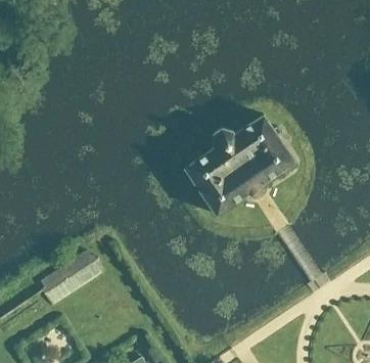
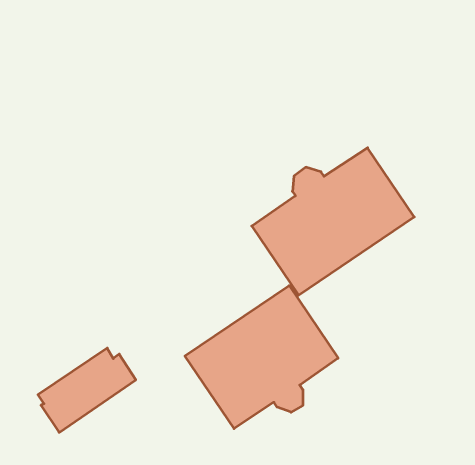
building: none -> [185,286,338,429]

